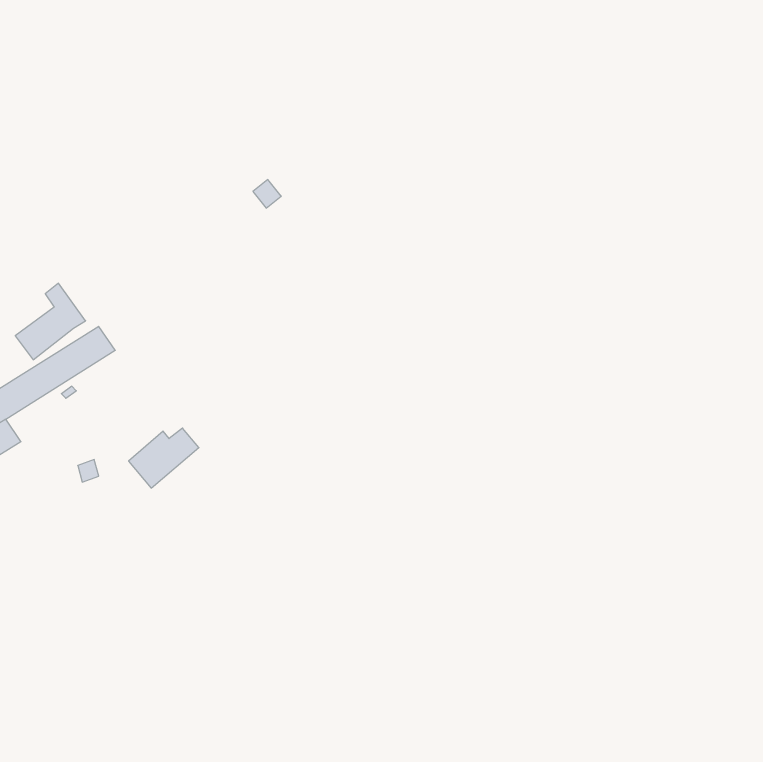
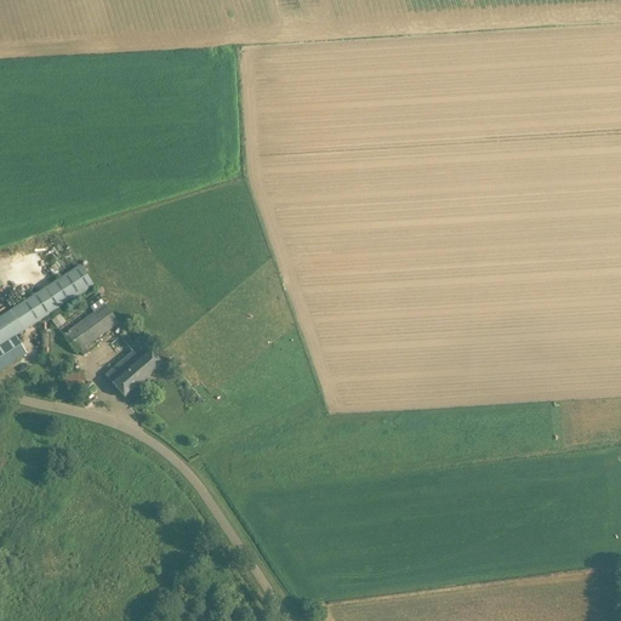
building: [15,283,86,360] -> [61,291,118,353]

